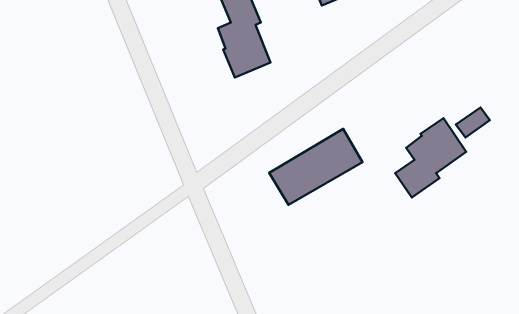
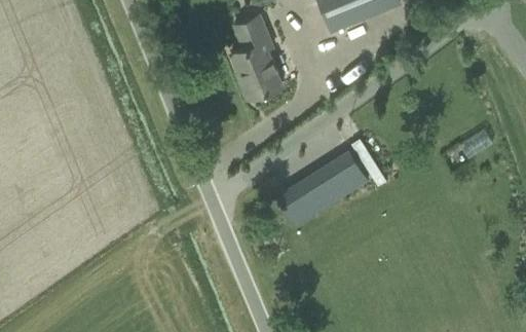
building: [395,118,466,197] -> none

